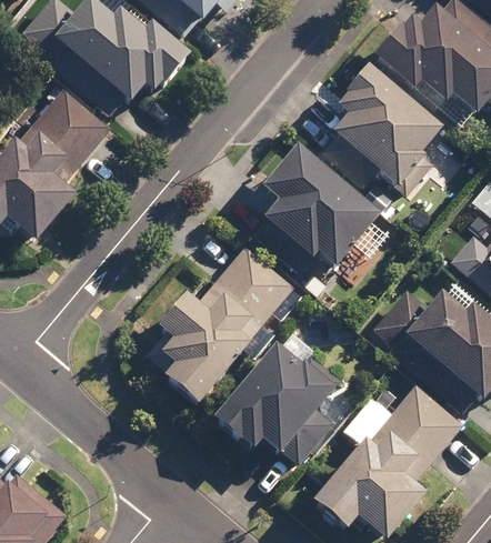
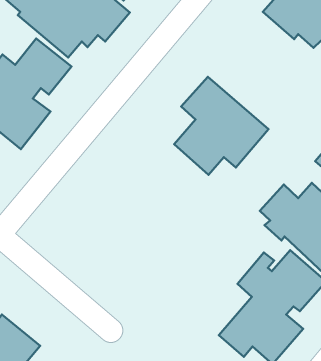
building: [319,62,447,188] -> none
building: [146,242,293,399] -> none
building: [216,323,339,453] -> none

